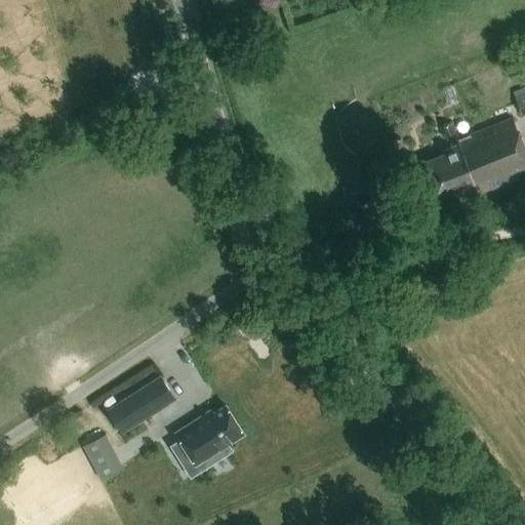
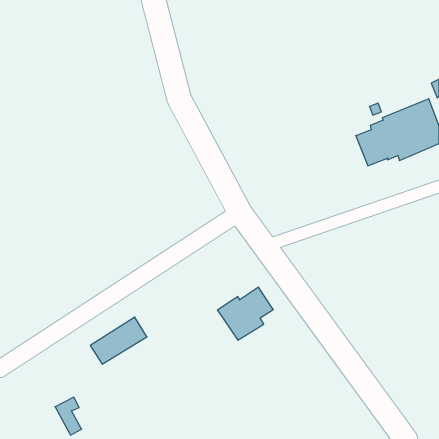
building: [176,407,243,471] -> [217,287,273,340]
building: [83,435,115,480] -> [55,397,82,435]

